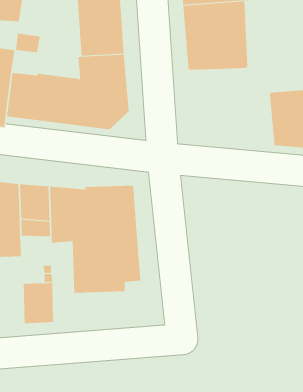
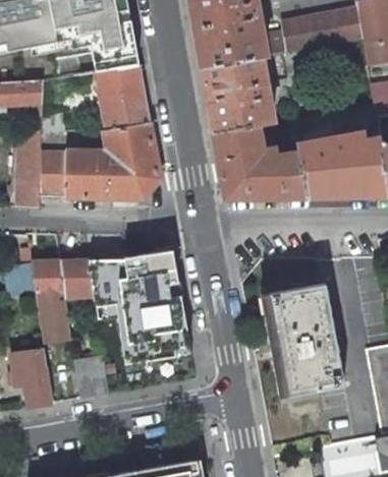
building: none -> [213,125,306,198]
building: none -> [269,283,343,394]

